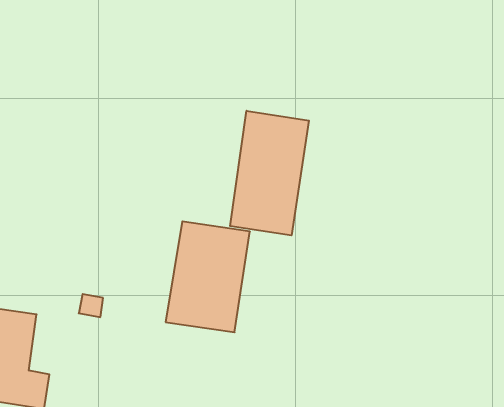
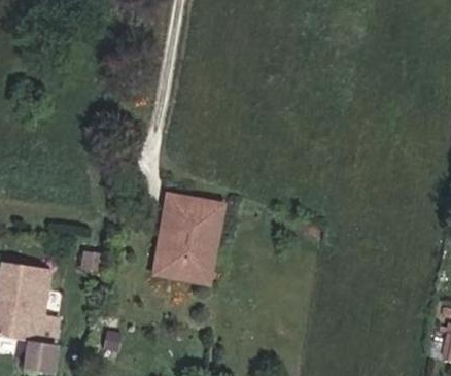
building: [230,111,309,235] -> none

